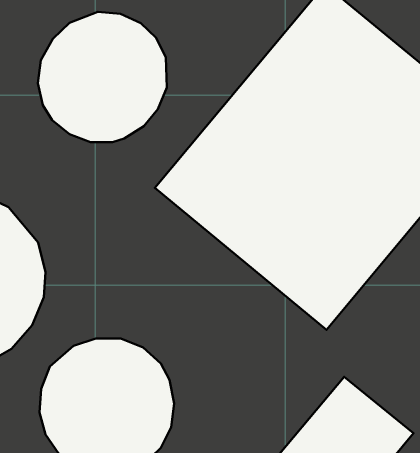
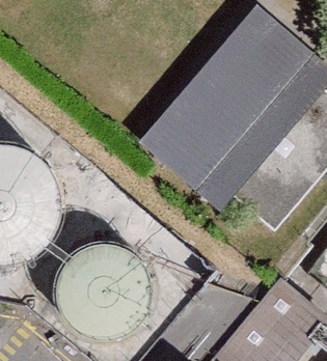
building: [38,12,167,142] -> none

